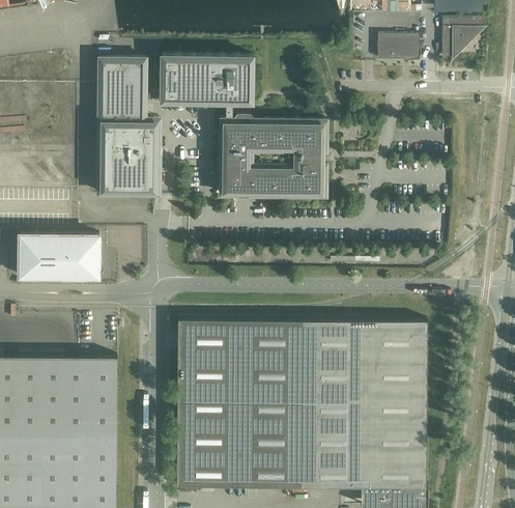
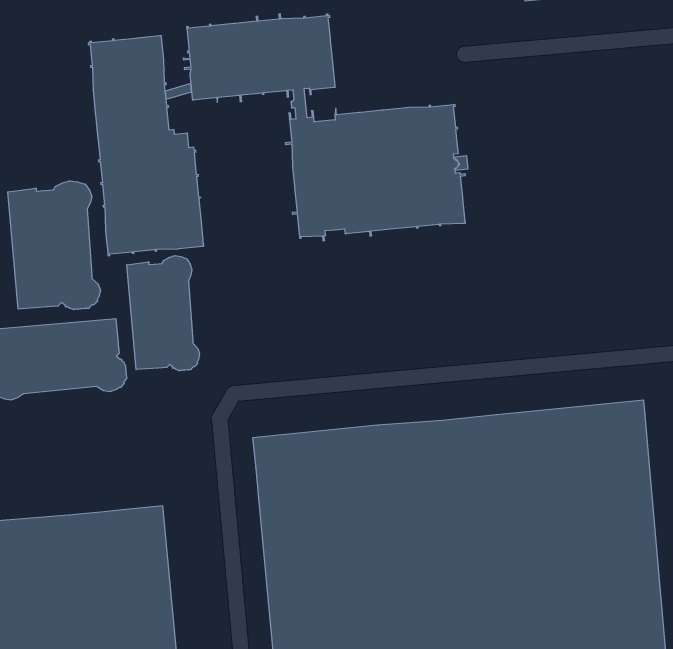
building: none -> [8,181,100,310]
building: none -> [127,256,200,371]

